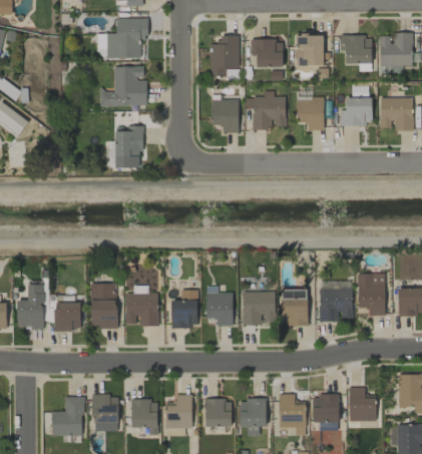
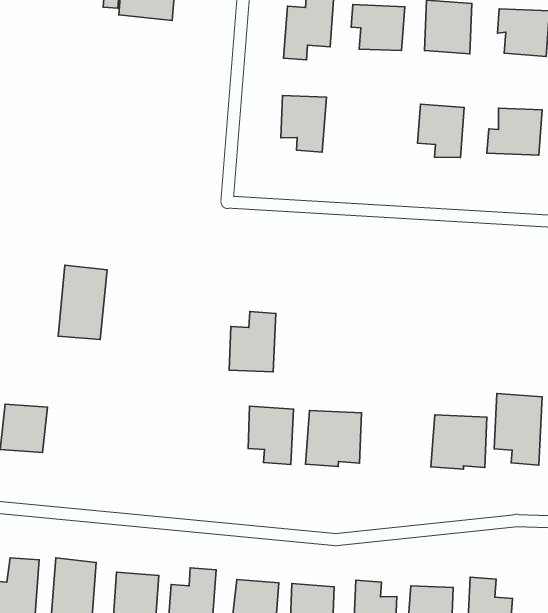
building: [99,65,147,105] -> none
building: [245,90,287,129] -> none
building: [115,127,143,167] -> none
building: [90,283,117,327] -> [58,265,107,339]
building: [124,285,158,326] -> none
building: [281,289,308,326] -> none
building: [170,290,198,327] -> [229,311,276,372]

